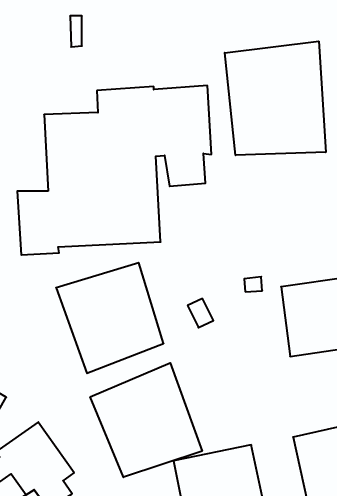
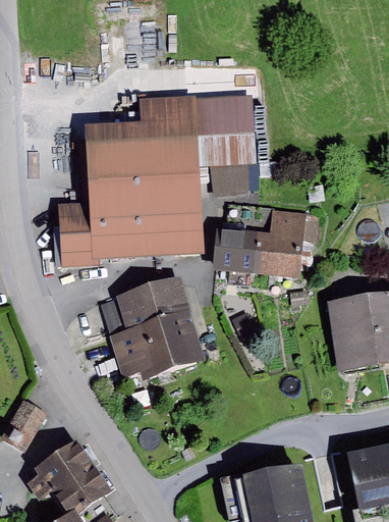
building: [225,41,326,155] -> none
building: none -> [212,206,317,278]
building: [90,363,202,477] -> none

